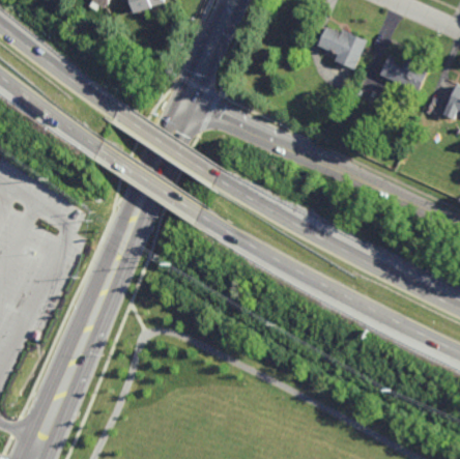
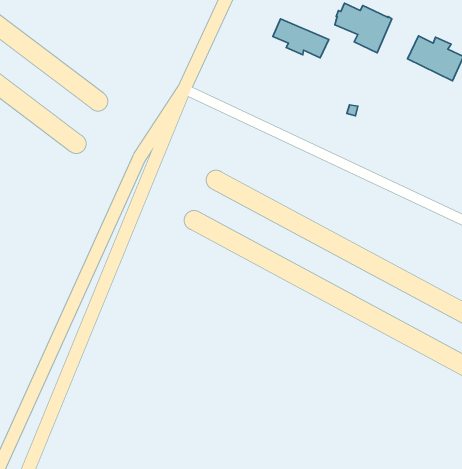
building: none -> [273,19,329,58]

